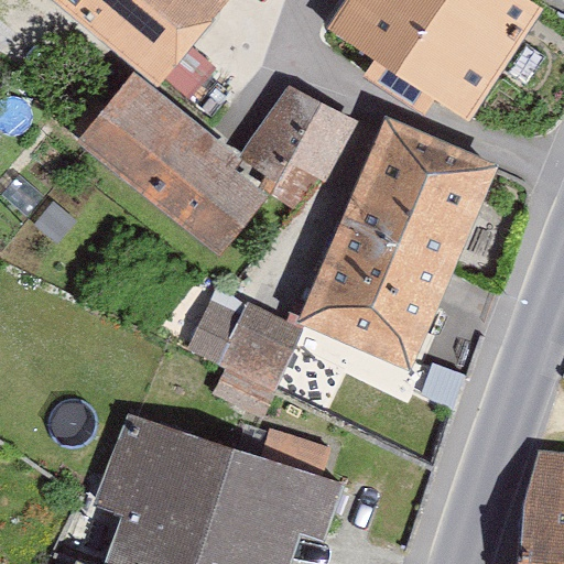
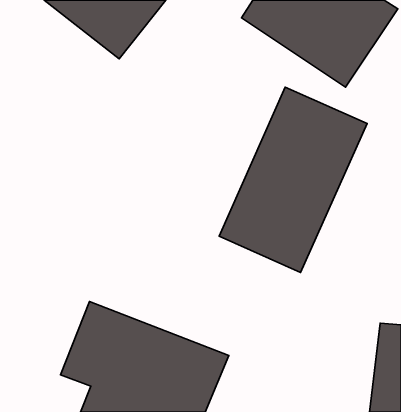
building: [246,74,358,192] -> none
building: [84,77,273,226] -> none
building: [182,295,293,422] -> none

